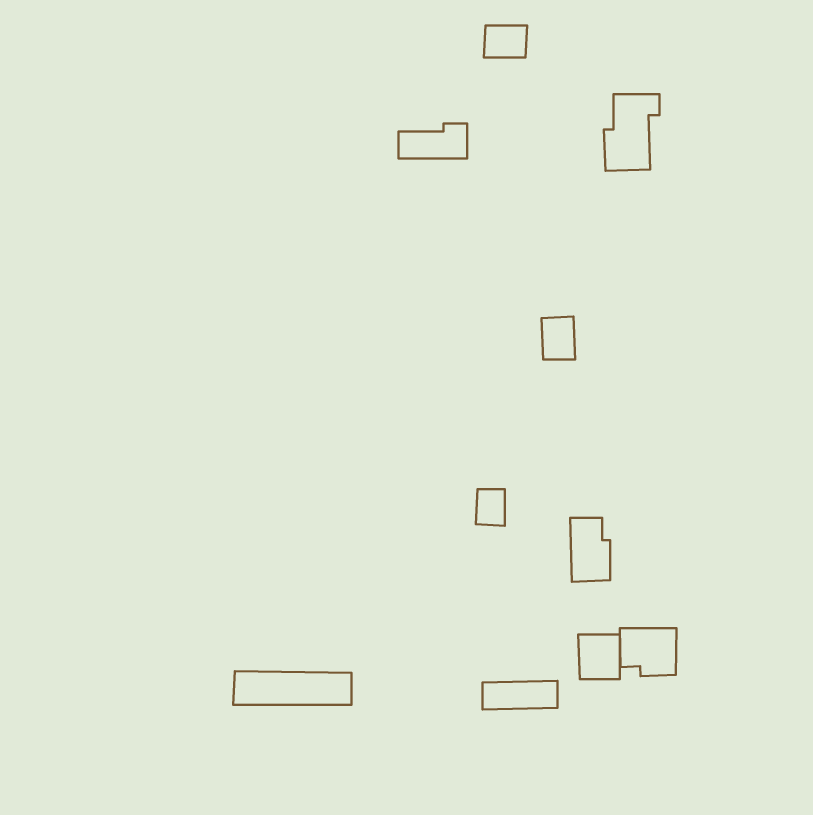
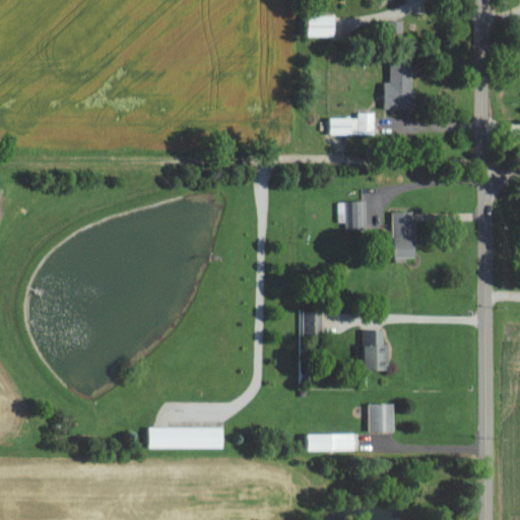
building: [399,123,467,159] -> [330,113,374,135]
building: none -> [393,211,415,258]
building: [620,628,676,676] -> none

